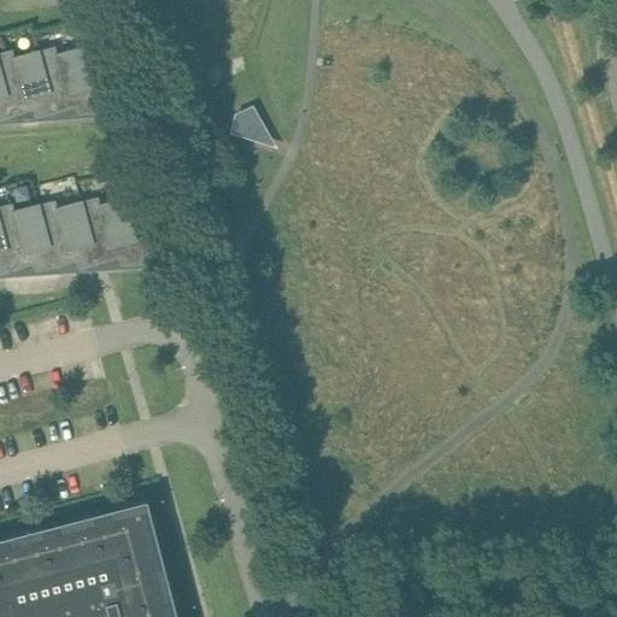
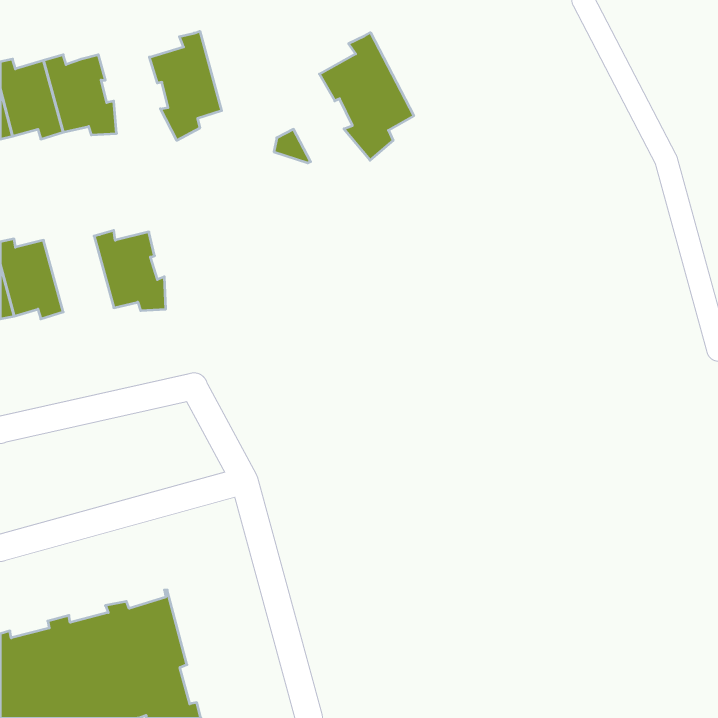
building: none -> [149,31,222,140]
building: none -> [319,33,414,160]
building: [37,201,98,270] -> none

